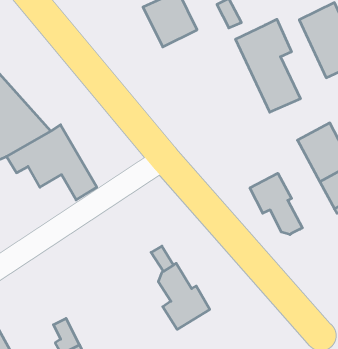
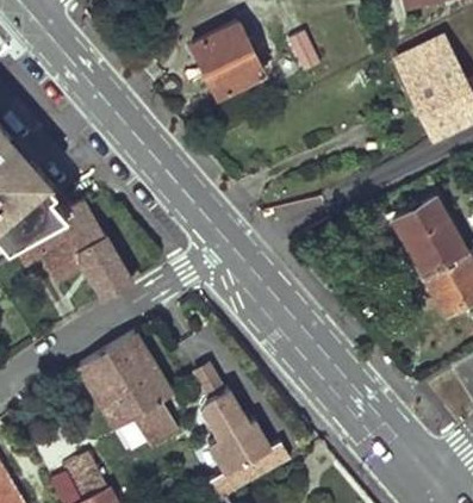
building: [236,19,300,112] -> none
building: [250,173,302,235] -> none
building: none -> [75,334,173,443]

